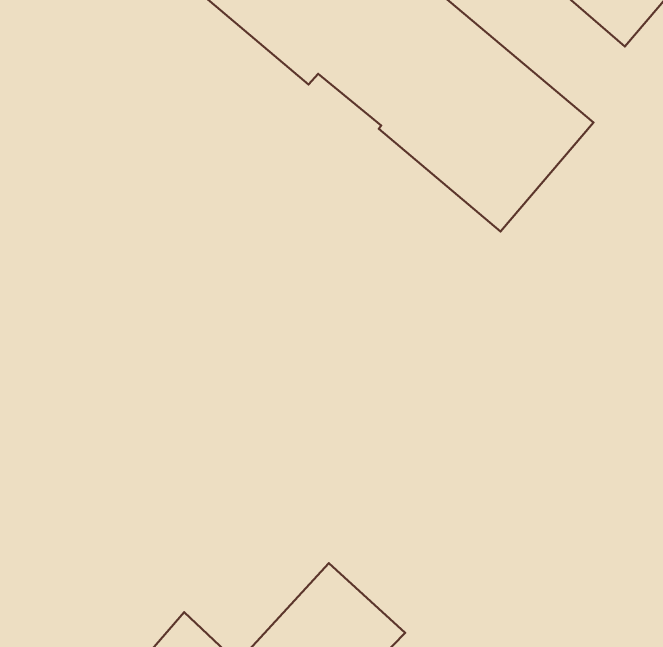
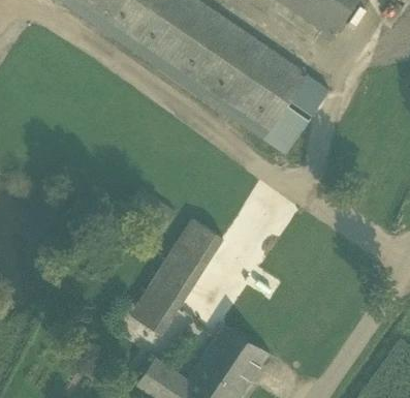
building: none -> [127,218,222,337]

